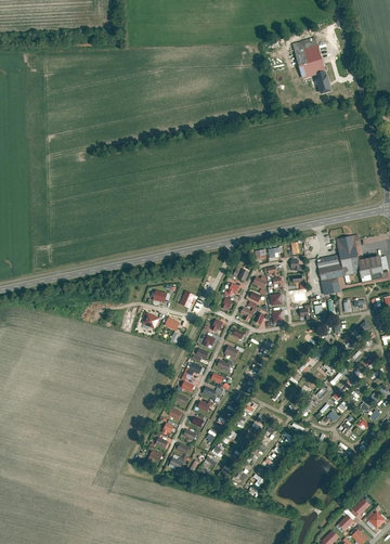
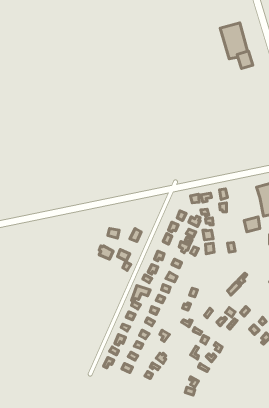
building: [316,252,344,281] -> none

